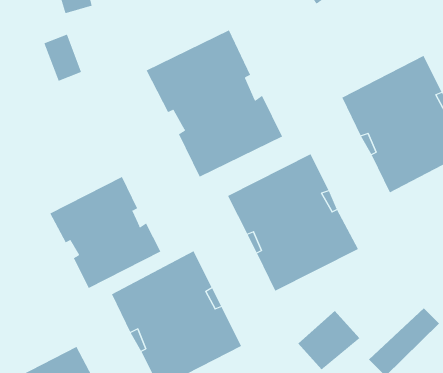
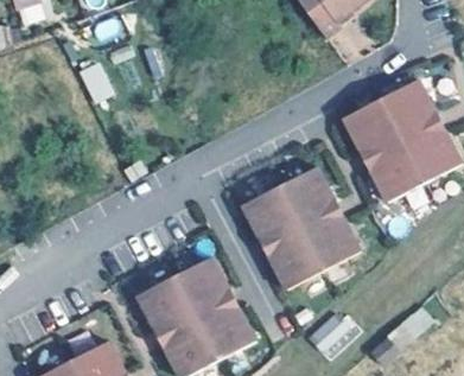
building: [146,29,283,178] -> none
building: [49,176,161,289] -> none

